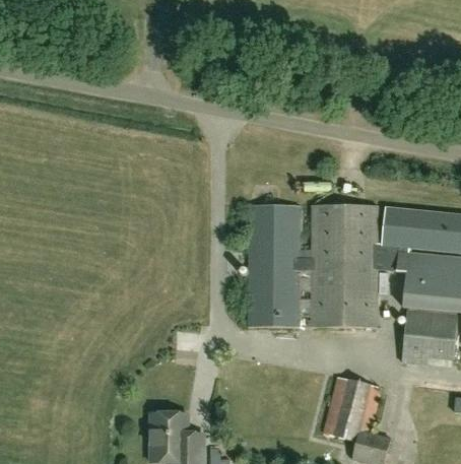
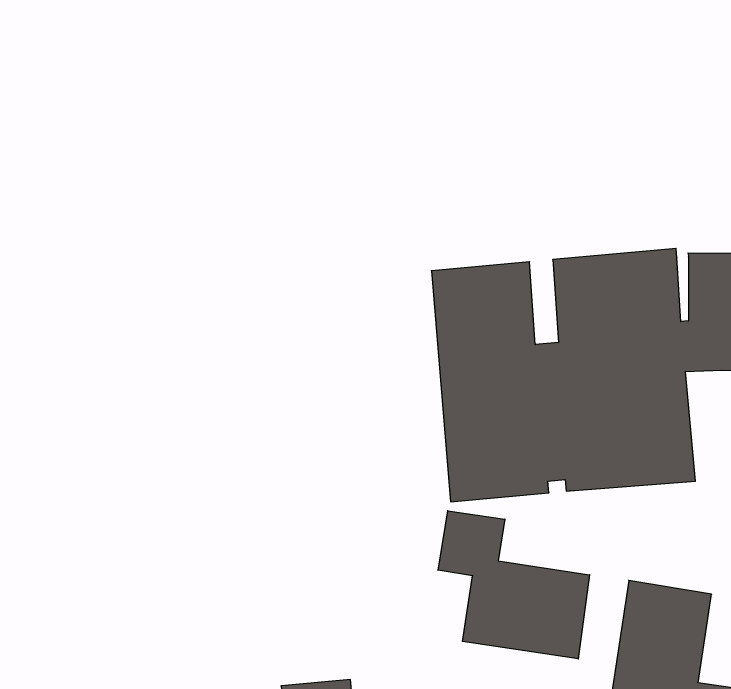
building: none -> [438,511,590,659]

